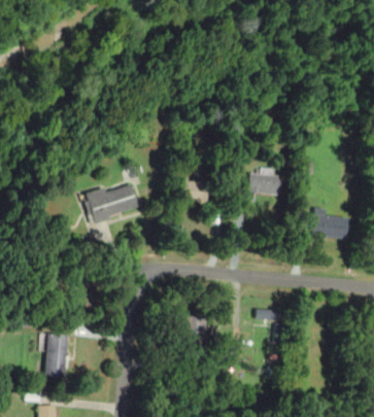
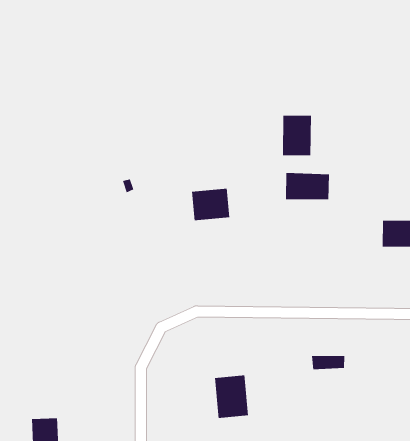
building: none -> [282,115,311,156]
building: [86,183,138,223] -> none

